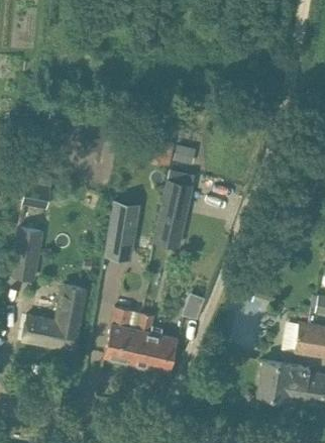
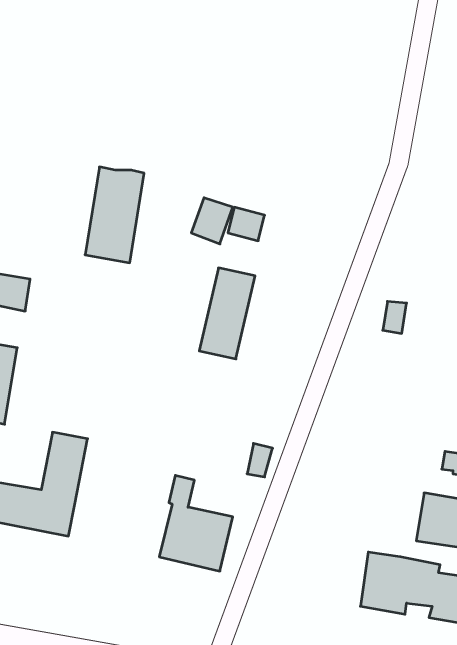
building: [103,202,140,262] -> [85,167,144,263]
building: [103,308,139,364] -> none

